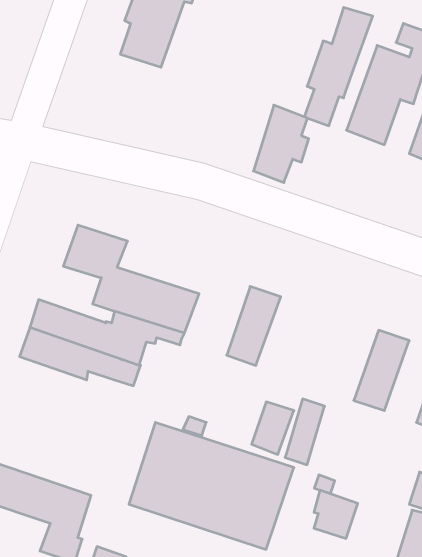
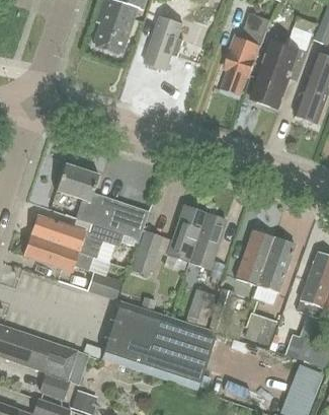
building: [253,105,309,183] -> [145,16,183,70]
building: none -> [188,213,226,268]
building: none -> [132,229,162,275]
building: none -> [235,229,273,285]
building: none -> [84,271,117,298]
building: [314,490,358,538] -> [248,310,278,344]

